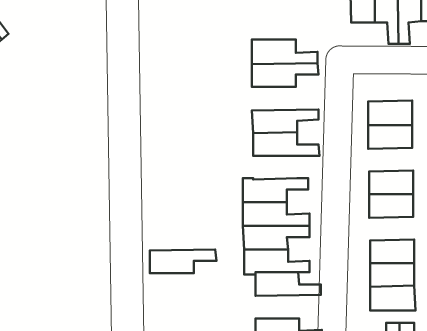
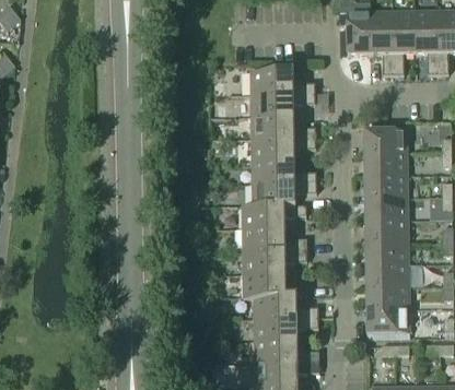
building: none -> [250,116,315,139]
building: none -> [363,175,407,198]
building: none -> [252,182,316,205]
building: none -> [364,241,408,264]
building: [150,249,216,273] -> [254,317,318,340]

